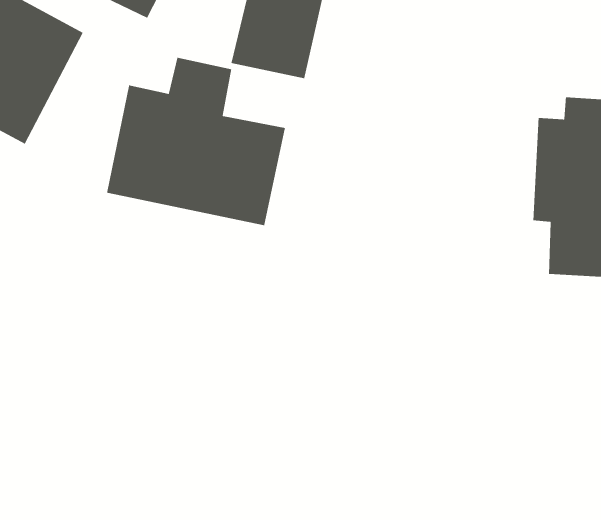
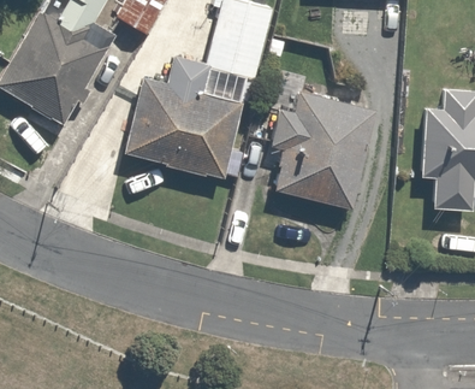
building: none -> [269,89,373,208]

